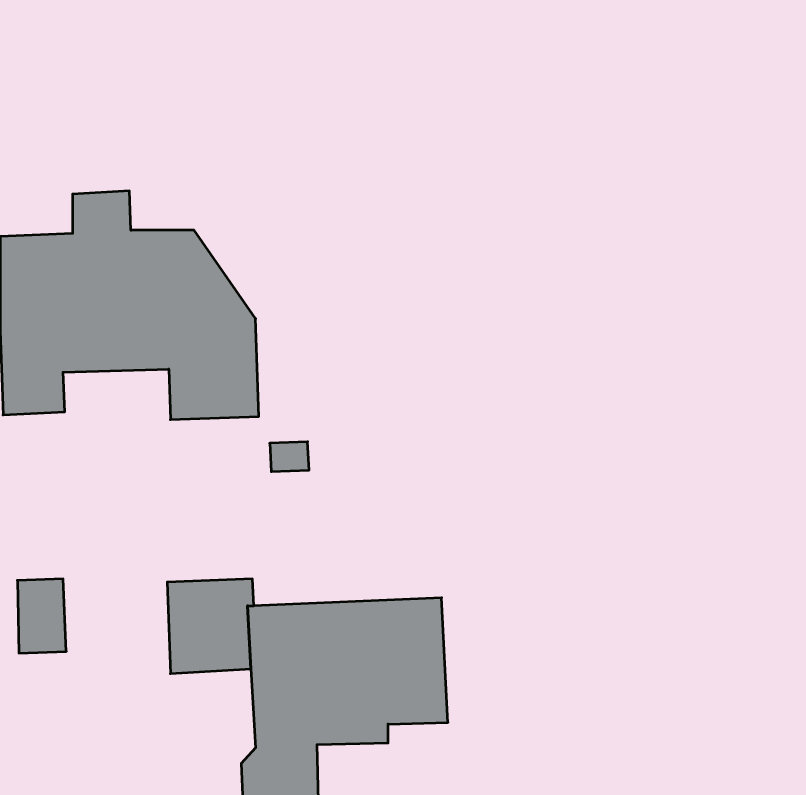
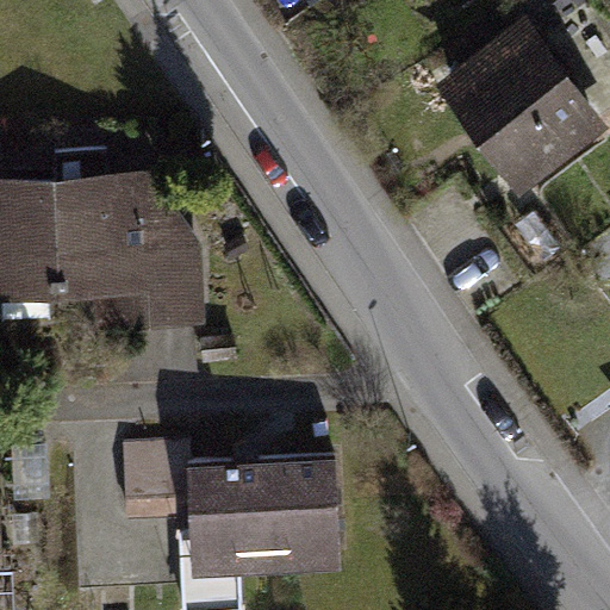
building: none -> [452,32,593,169]

